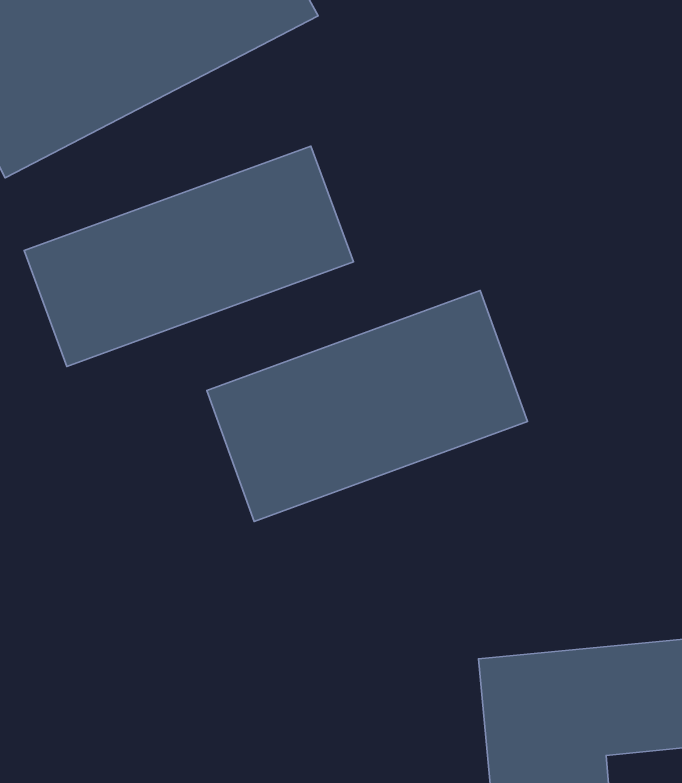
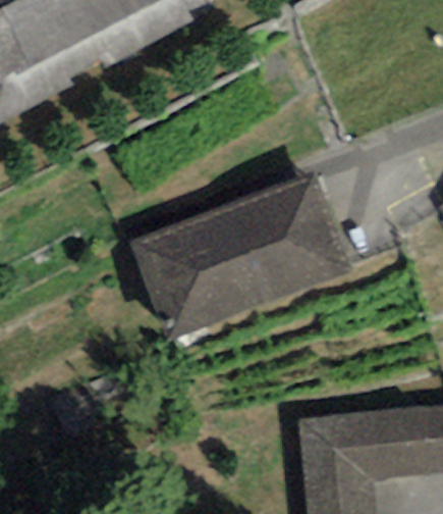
building: [24,146,354,366] -> none

